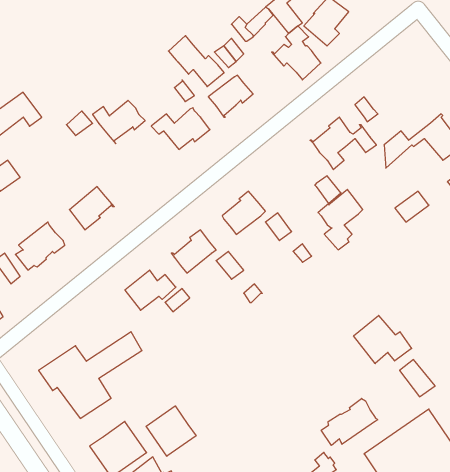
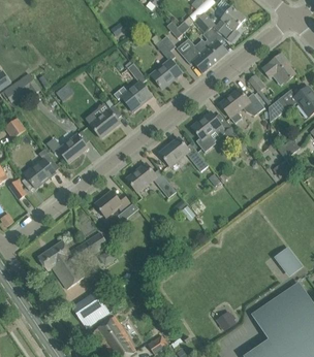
building: [168,36,224,87] -> [177,38,214,72]
building: none -> [262,53,294,82]
building: [93,100,145,144] -> [85,108,120,137]
building: [318,189,363,250] -> [191,111,221,152]
building: [354,315,412,364] -> none
building: [321,398,378,445] -> none
building: [146,406,196,456] -> none

